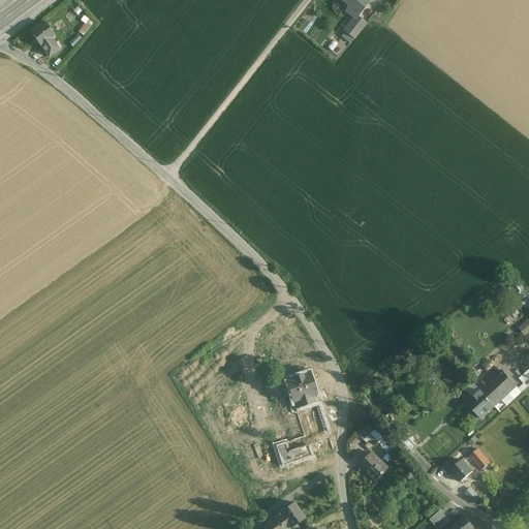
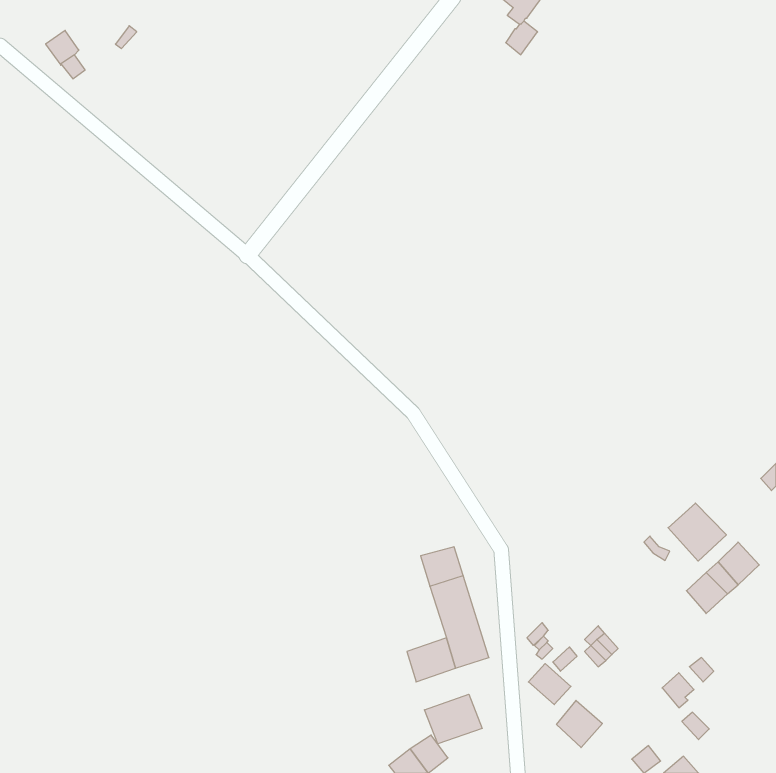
building: none -> [668,503,726,561]
building: none -> [424,694,482,744]
building: none -> [557,700,602,748]

